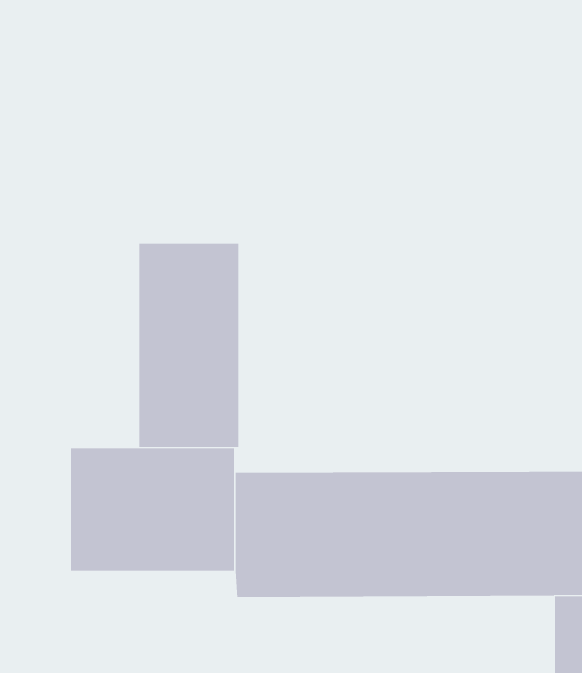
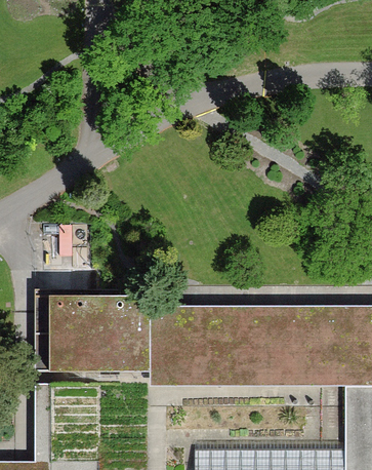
building: [139,243,239,448] -> none

